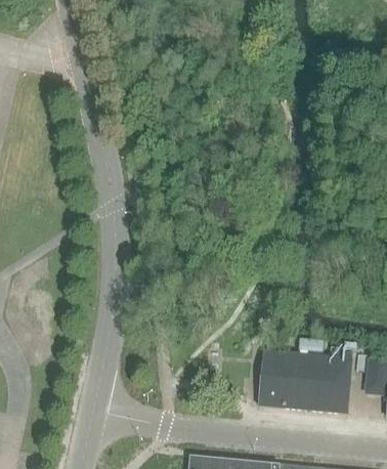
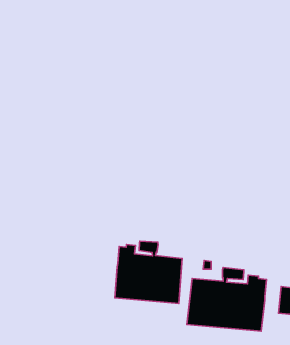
building: none -> [115,241,182,304]

